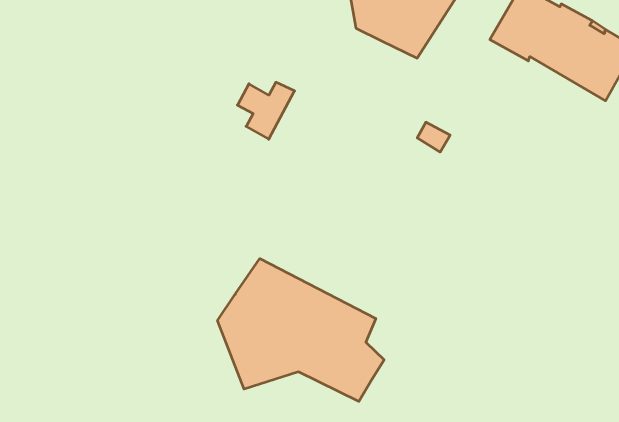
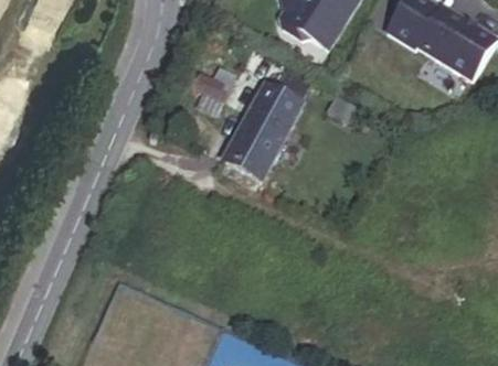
building: none -> [224,73,309,180]
building: [218,259,384,401] -> none

